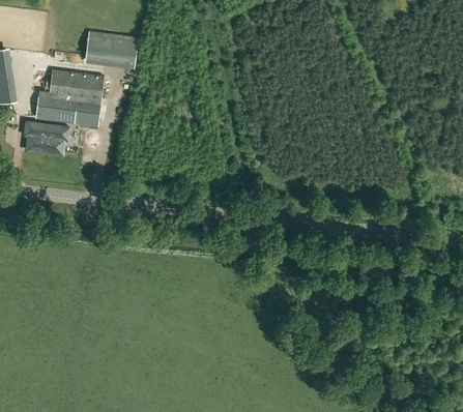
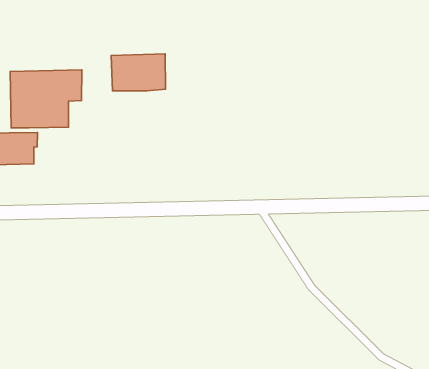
building: [85,31,136,67] -> [111,54,165,91]

